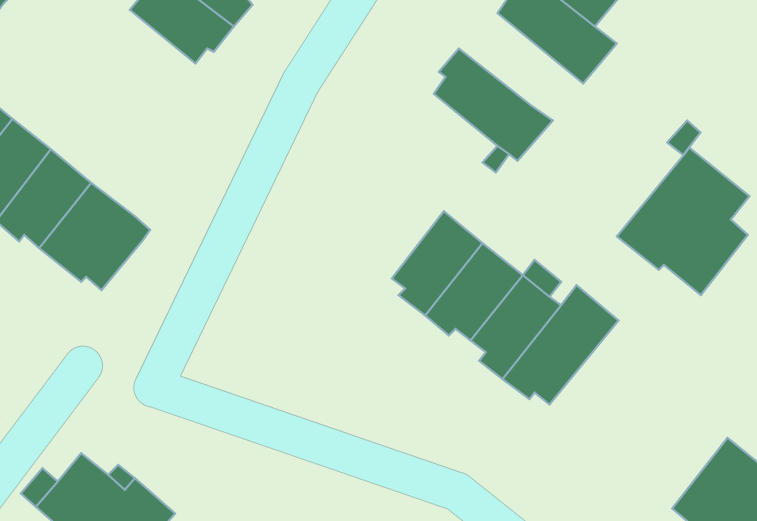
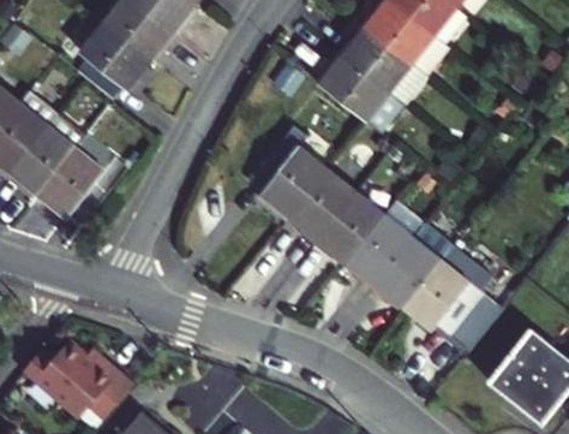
building: none -> [76,23,149,100]
building: none -> [337,25,426,102]
building: [617,147,749,295] -> [402,242,497,347]
building: none -> [250,124,327,215]

